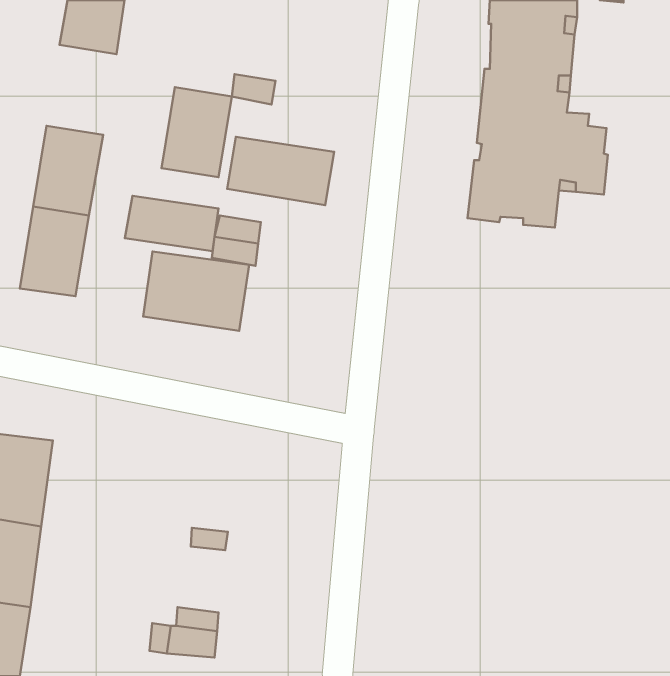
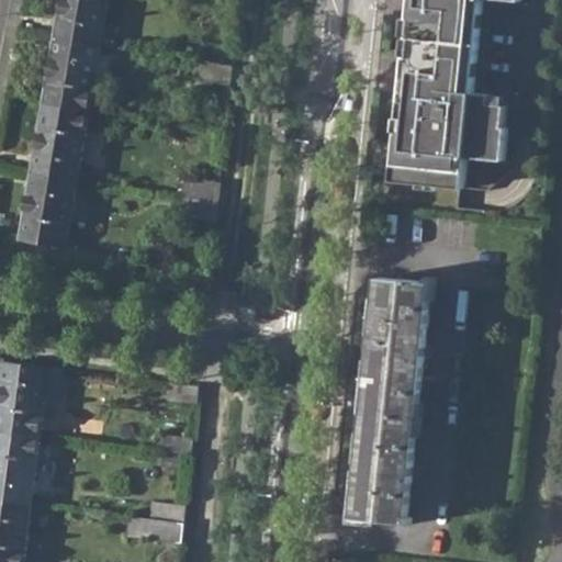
building: [162,87,232,177] -> [38,37,97,112]
building: [227,137,334,205] -> none
building: [125,196,219,251] -> none
building: [143,252,249,331] -> none
building: none -> [348,277,425,522]

